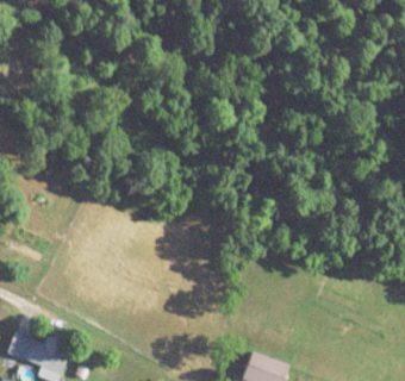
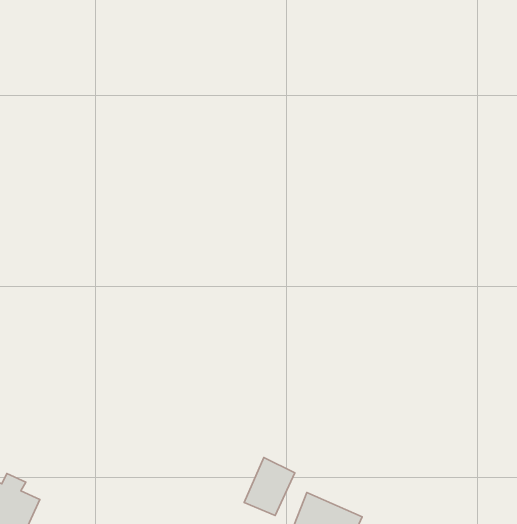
building: none -> [244,458,295,515]

